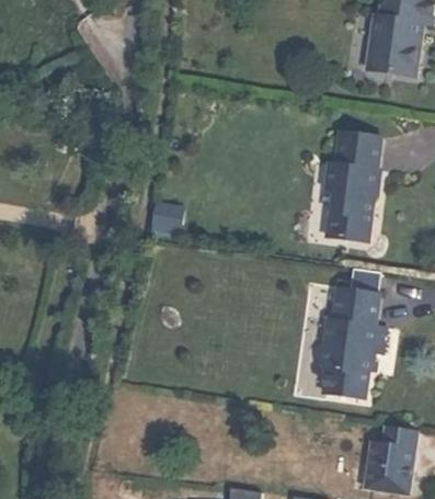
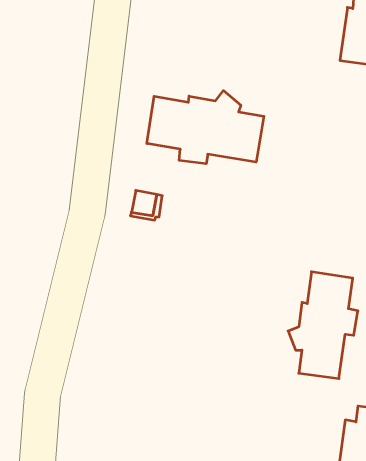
building: none -> [147,91,264,164]
building: [325,132,381,241] -> none

